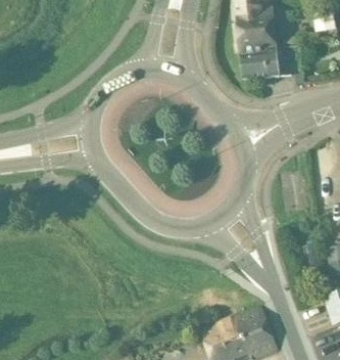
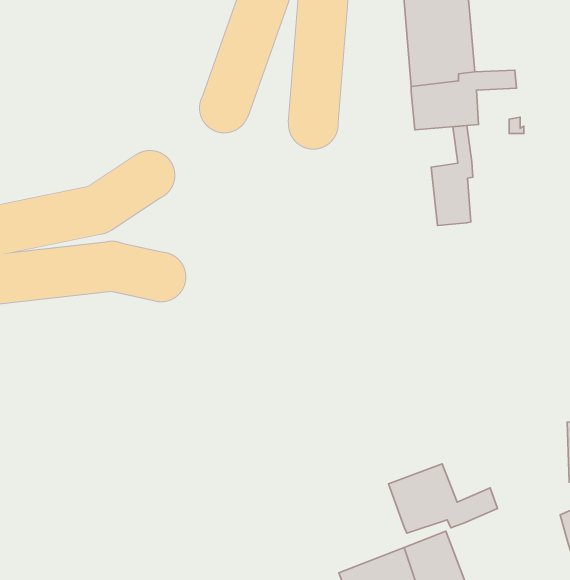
building: none -> [431,125,473,226]
building: none -> [389,464,497,533]

